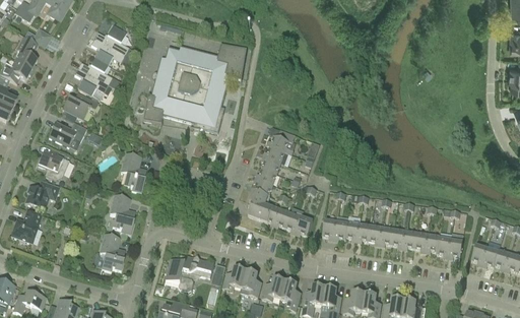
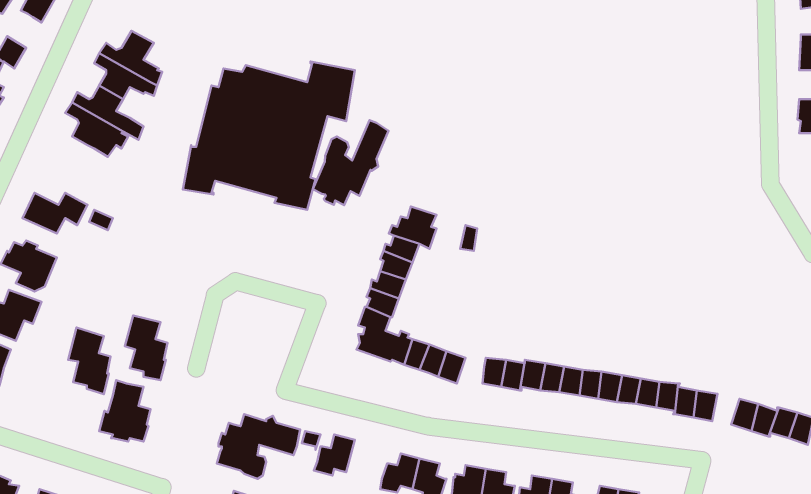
building: none -> [313,120,389,205]
building: [62,91,98,119] -> none
building: [120,151,145,191] -> [68,328,111,394]
building: [240,268,261,296] -> none

